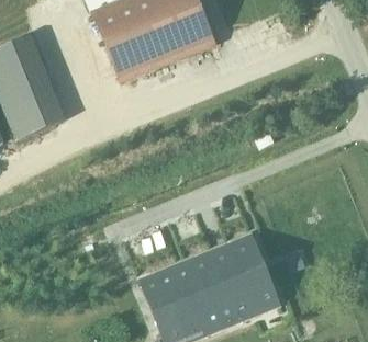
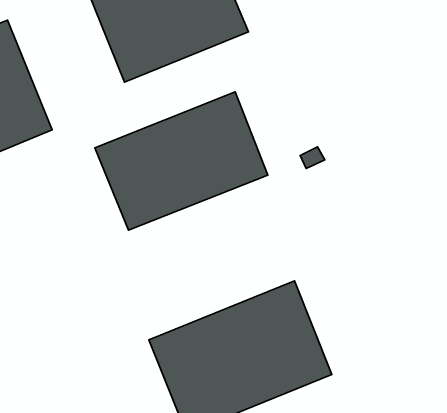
building: none -> [95,92,268,230]

